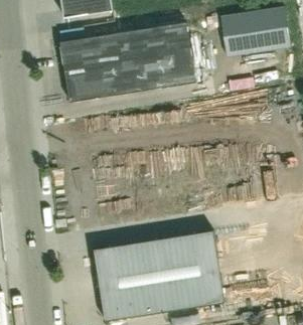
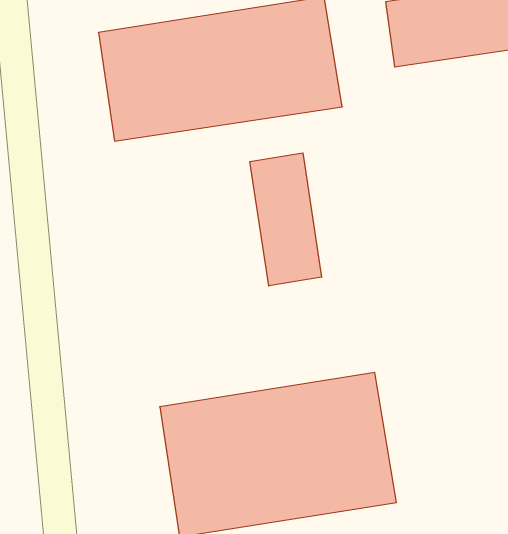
building: none -> [250,153,322,286]

